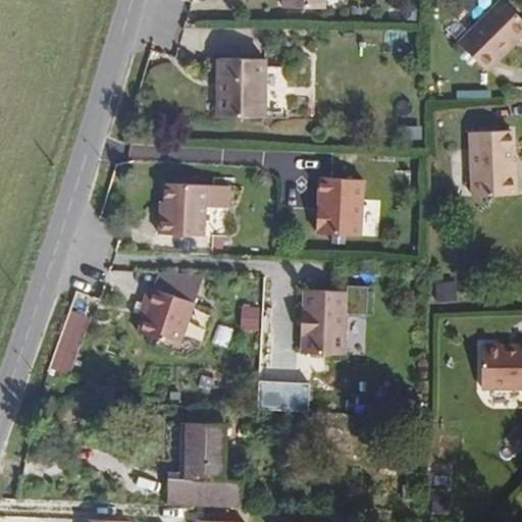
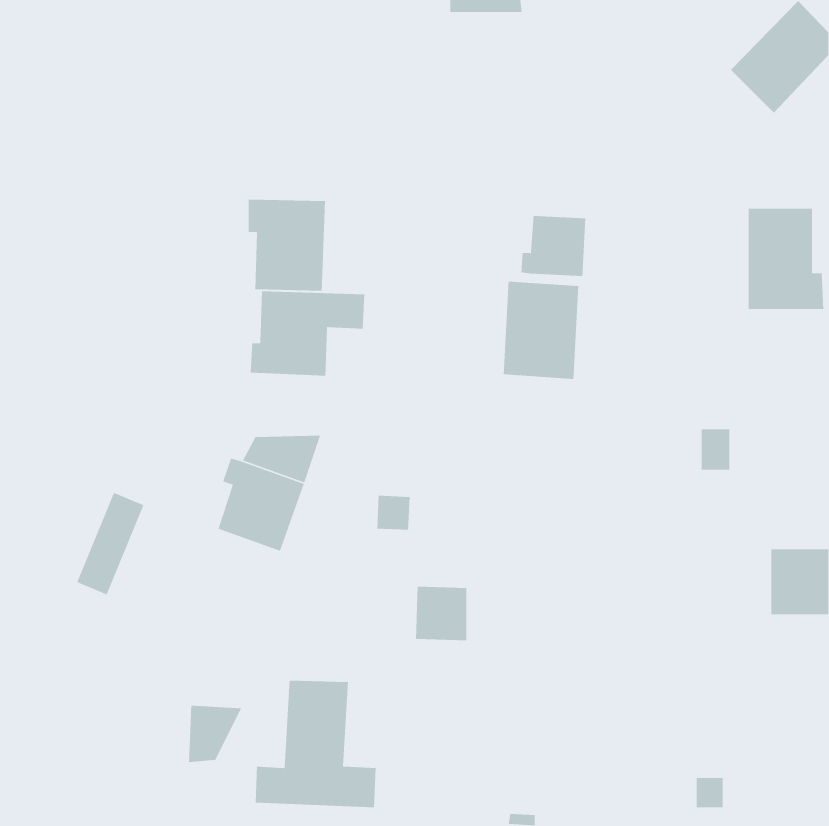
building: [216,60,265,118] -> [248,199,326,291]
building: none -> [520,215,586,277]
building: [301,281,347,353] -> none
building: none -> [188,705,242,763]

